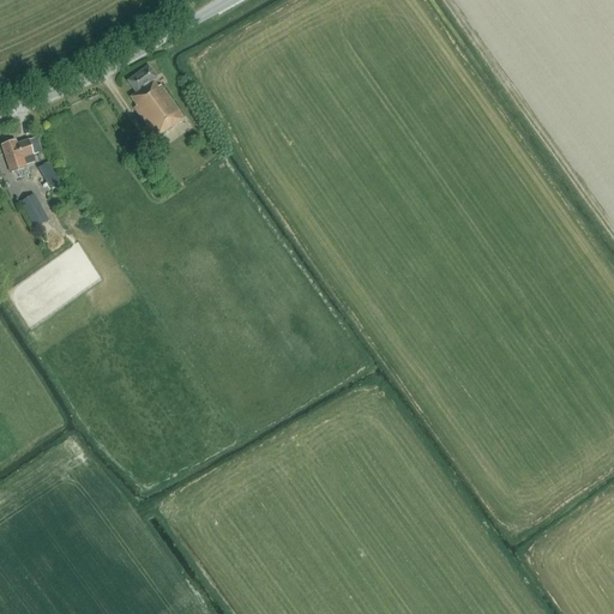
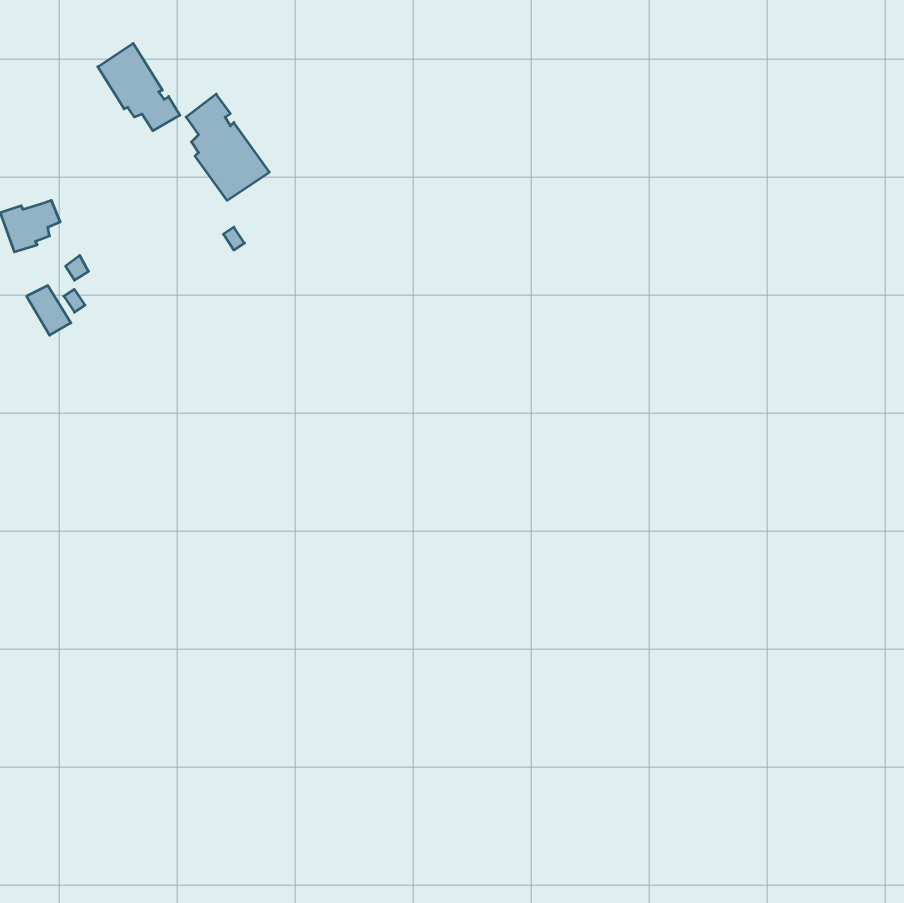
building: none -> [98,43,180,131]

